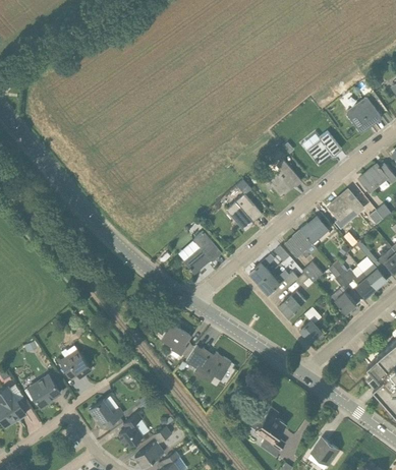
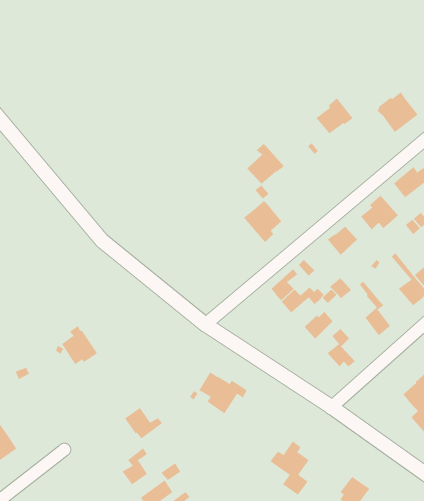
building: [307,130,341,163] -> [316,97,353,134]
building: [268,160,301,196] -> [247,143,284,184]
building: [286,228,318,255] -> none
building: [185,231,220,272] -> none
building: [333,259,377,296] -> none
building: [164,325,193,356] -> none
building: [59,345,92,379] -> [61,326,98,365]
building: [27,374,60,407] -> none
building: [89,399,123,427] -> [124,407,163,439]

